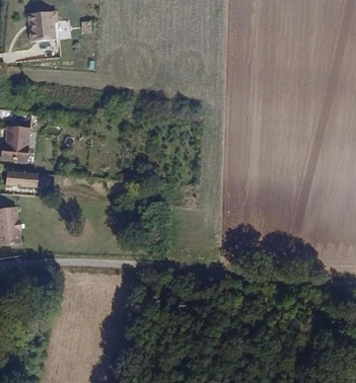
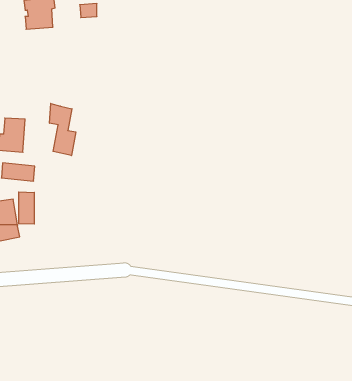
building: none -> [50,103,76,156]
building: none -> [19,192,34,224]

